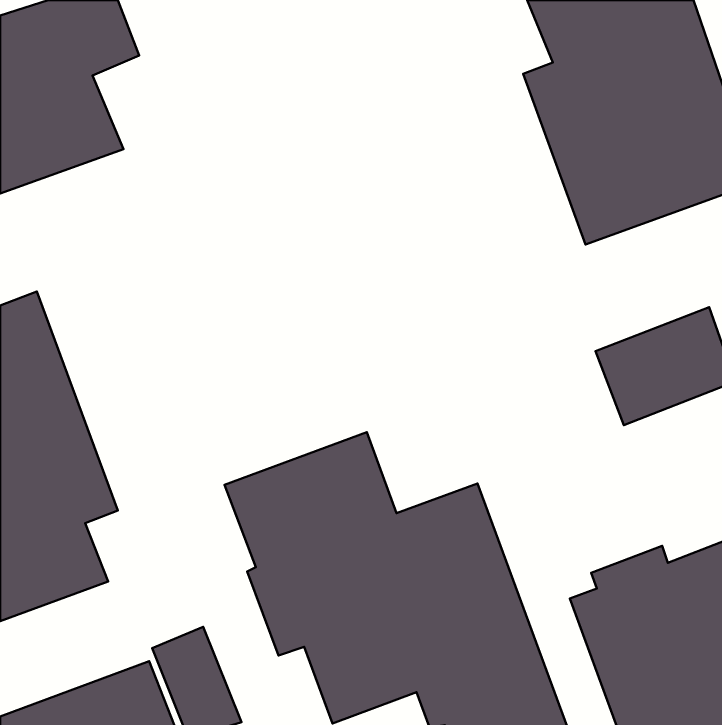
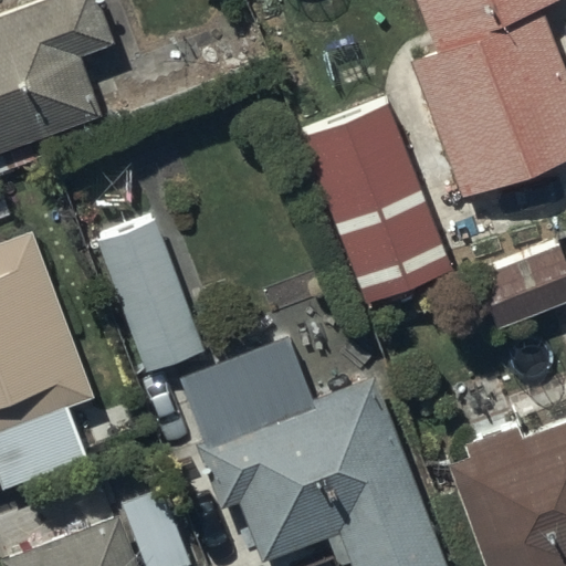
building: none -> [304,106,447,300]
building: none -> [97,222,201,374]

